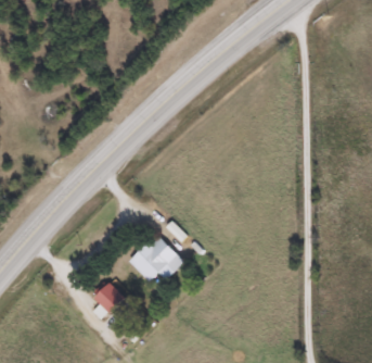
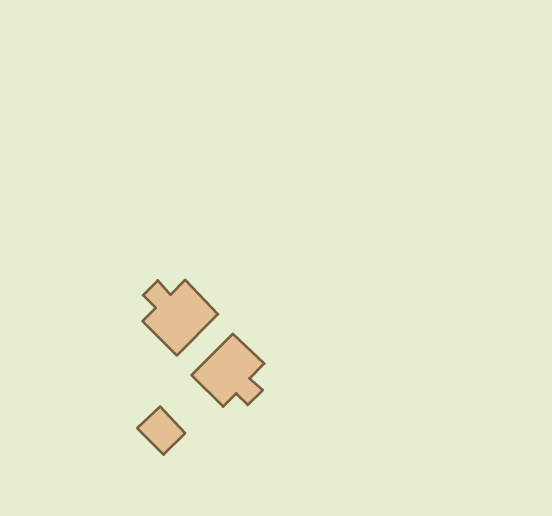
building: none -> [143,280,218,355]

